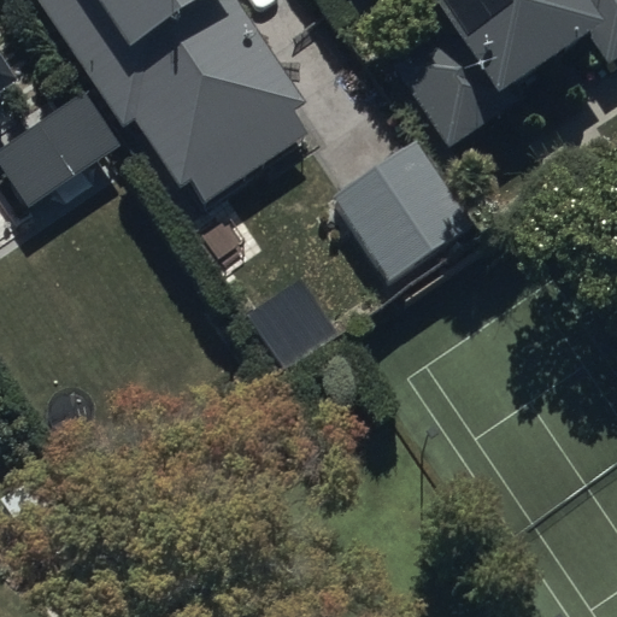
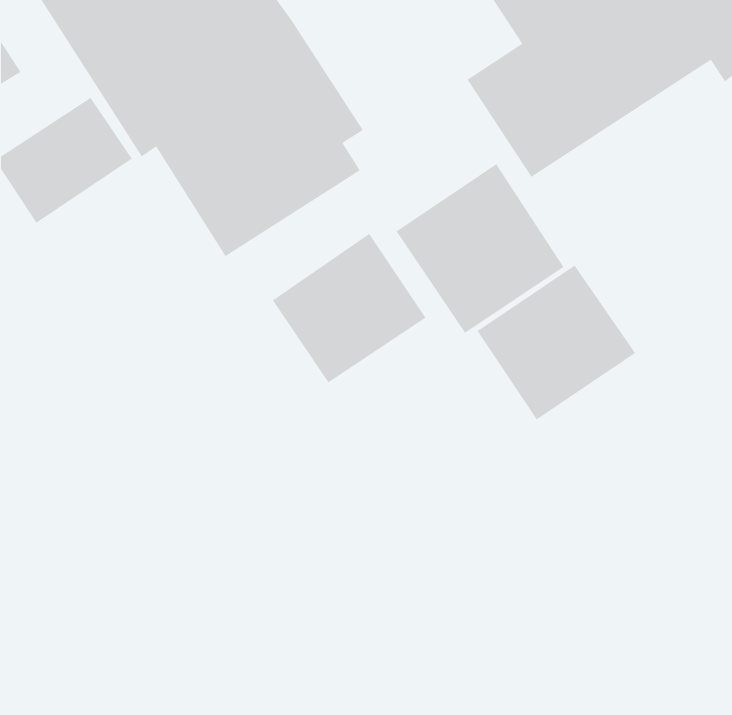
building: none -> [272,233,426,384]
building: none -> [477,264,636,420]

